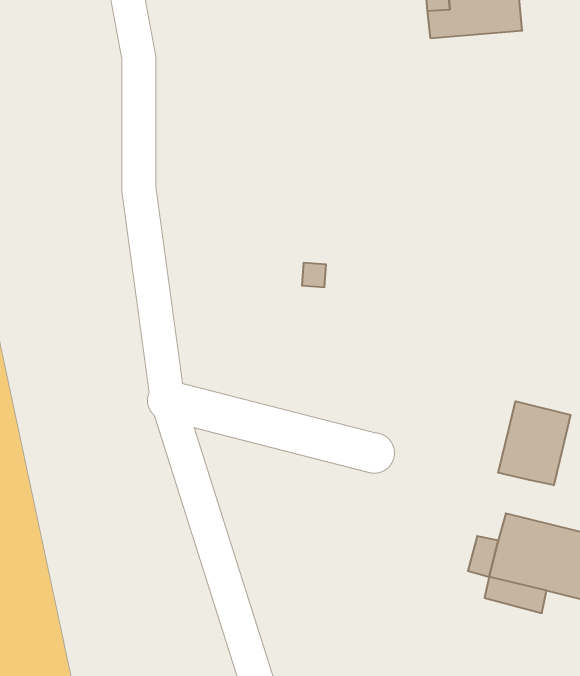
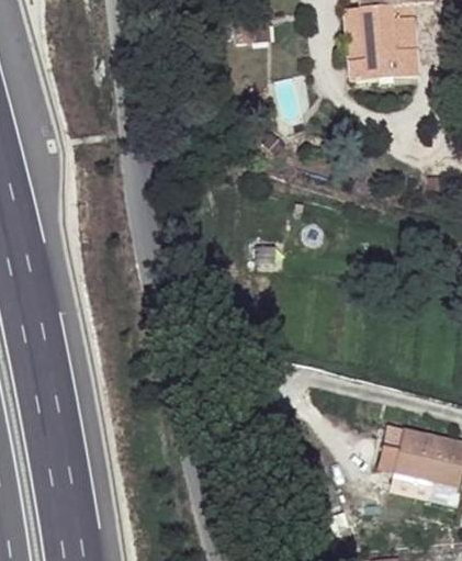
building: [498,401,570,485] -> none

